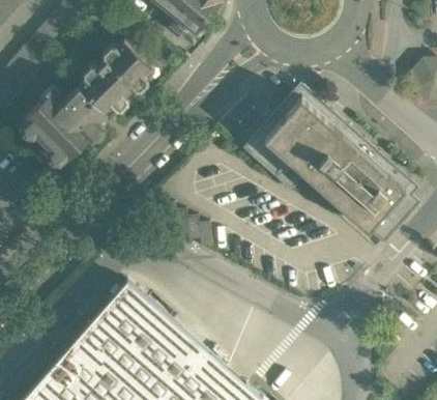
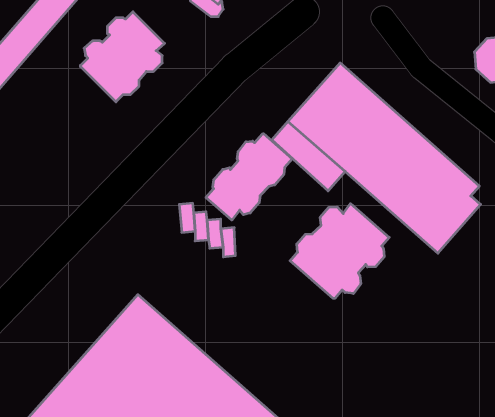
building: [21,84,108,160] -> none
building: none -> [206,134,292,220]
building: none -> [290,204,389,298]

